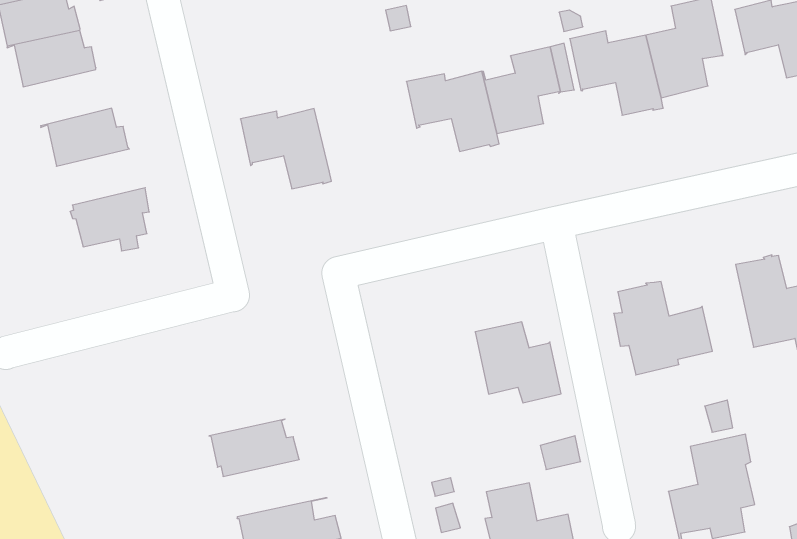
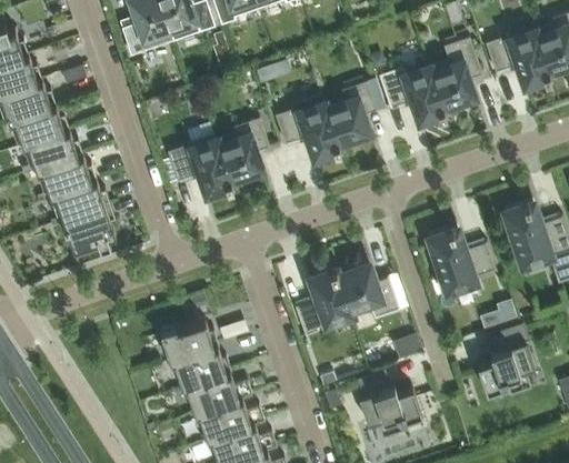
building: none -> [22,130,82,171]
building: none -> [216,119,269,180]
building: none -> [50,180,110,221]
building: none -> [295,269,351,336]
building: none -> [147,320,219,363]
building: none -> [182,372,251,414]

